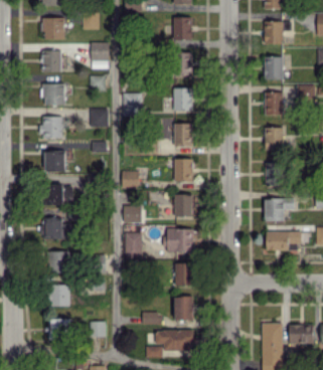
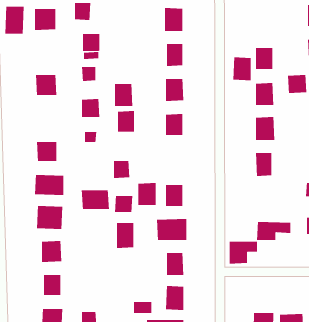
building: [264,20,283,44] -> [233,57,252,81]
building: [41,43,61,71] -> [4,6,24,34]
building: [41,116,62,138] -> none
building: none -> [118,110,135,132]
building: [174,158,193,181] -> [138,182,157,205]
building: [265,198,294,221] -> [229,241,258,264]
building: none -> [81,189,110,210]

